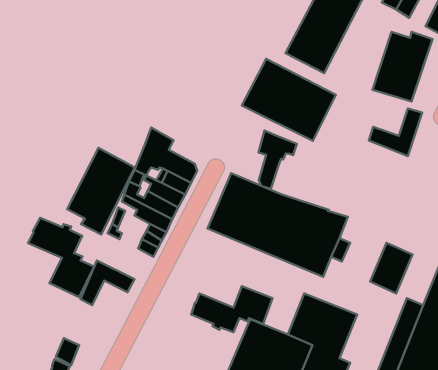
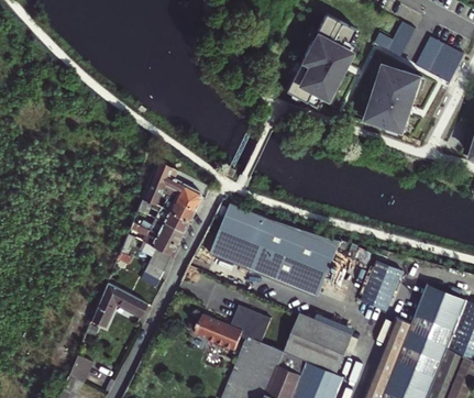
building: [242,59,336,141] -> none
building: [369,108,422,156] -> none
building: [258,130,297,189] -> none
building: [67,148,135,234] -> none
building: [28,218,94,297] -> none

